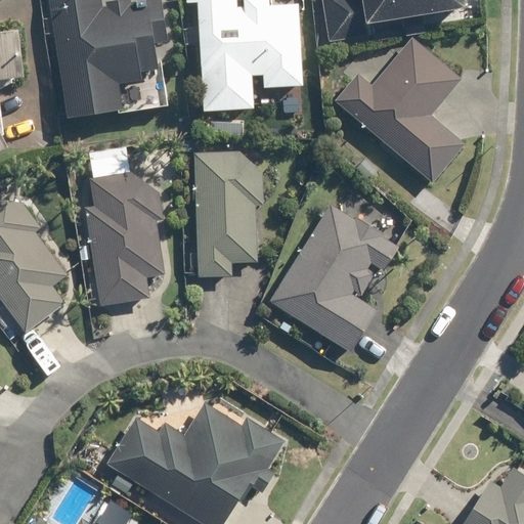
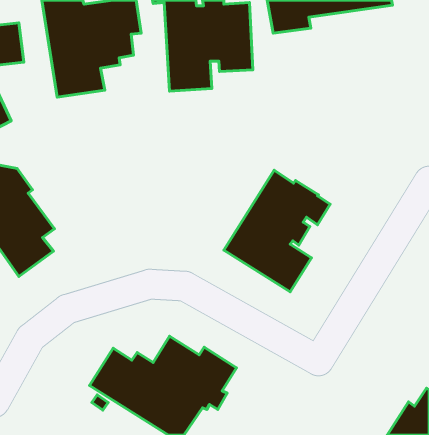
building: [335,39,466,182] -> none
building: [184,151,262,275] -> none
building: [84,172,164,305] -> none

